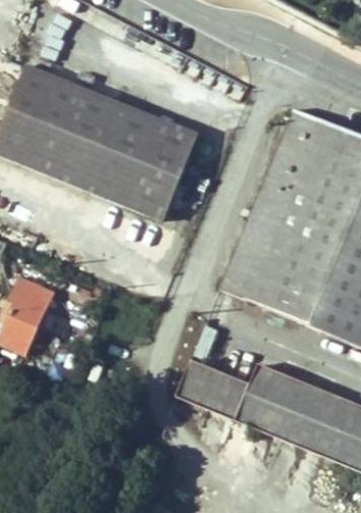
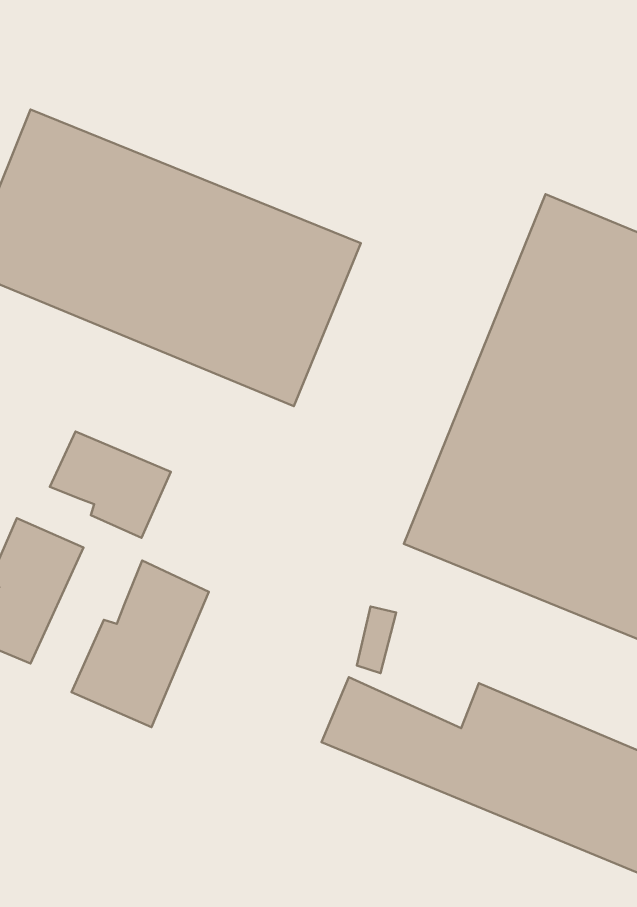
building: none -> [50,432,171,538]
building: none -> [72,561,209,727]

